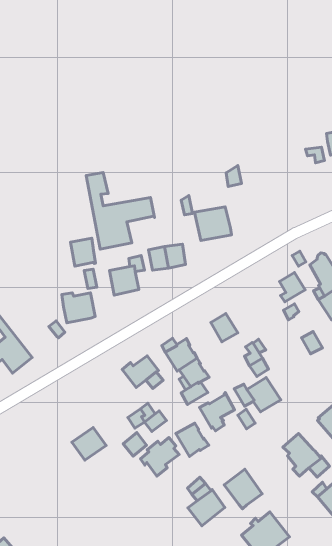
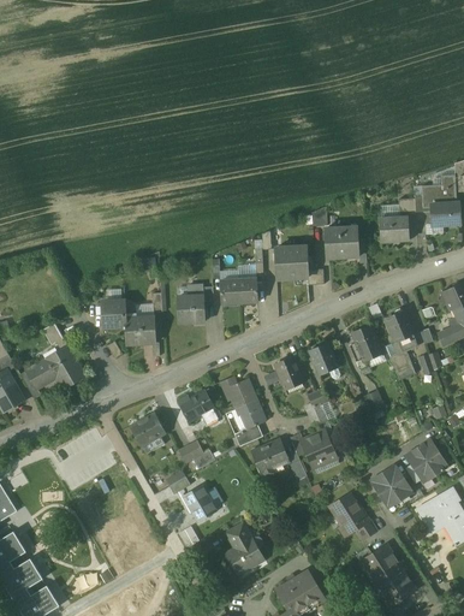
building: none -> [380,217,409,241]
building: [86,172,154,249] -> none
building: none -> [325,226,359,257]
building: [70,238,95,266] -> [102,301,125,327]
building: none -> [309,343,338,375]
building: [176,423,209,457] -> none
building: [72,428,106,460] -> [130,413,165,445]
building: [224,469,262,509] -> none

